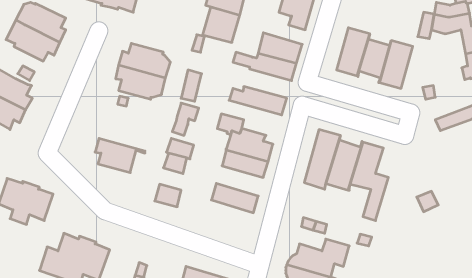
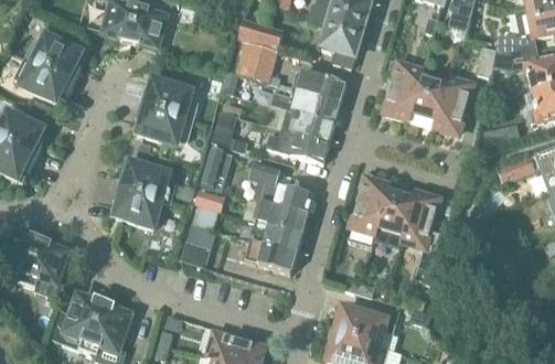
building: none -> [281,109,335,142]
building: none -> [118,163,175,202]
building: none -> [250,218,303,253]

